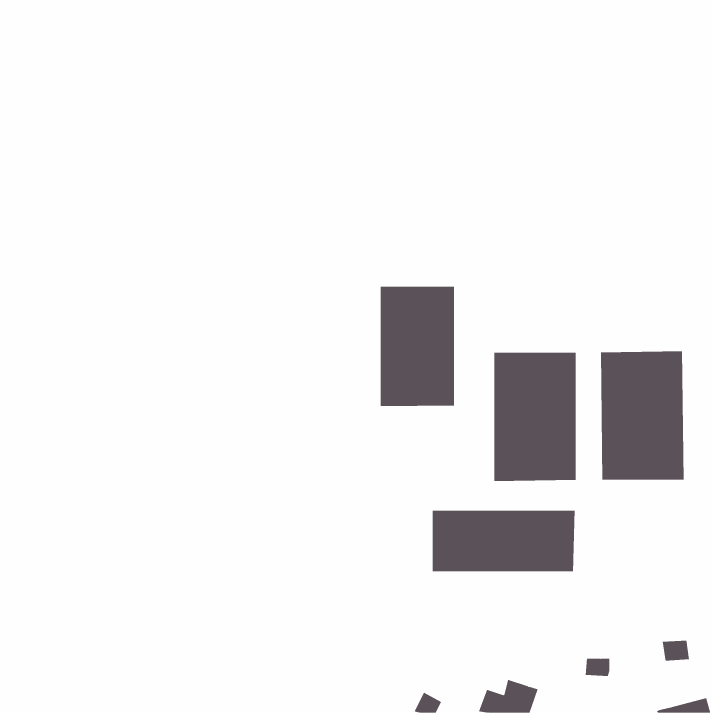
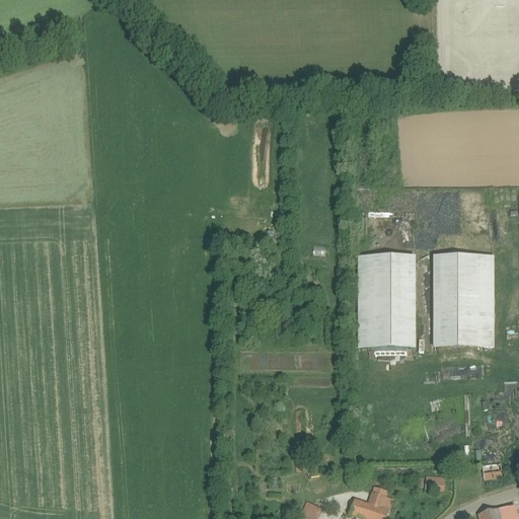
building: [380,286,455,407] -> none
building: [432,510,575,572] -> none

